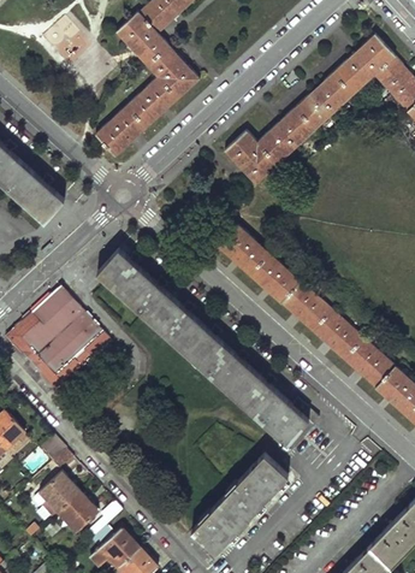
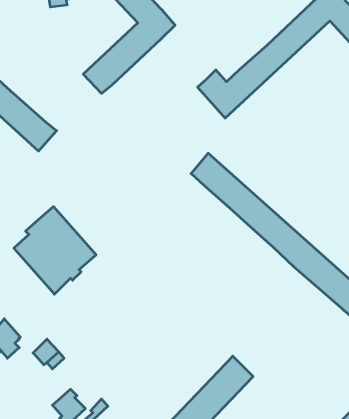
building: [97,249,318,443] -> none
building: [6,313,63,390] -> none
building: [41,472,81,509] -> none

